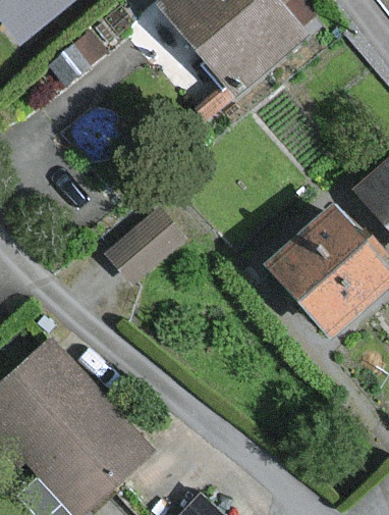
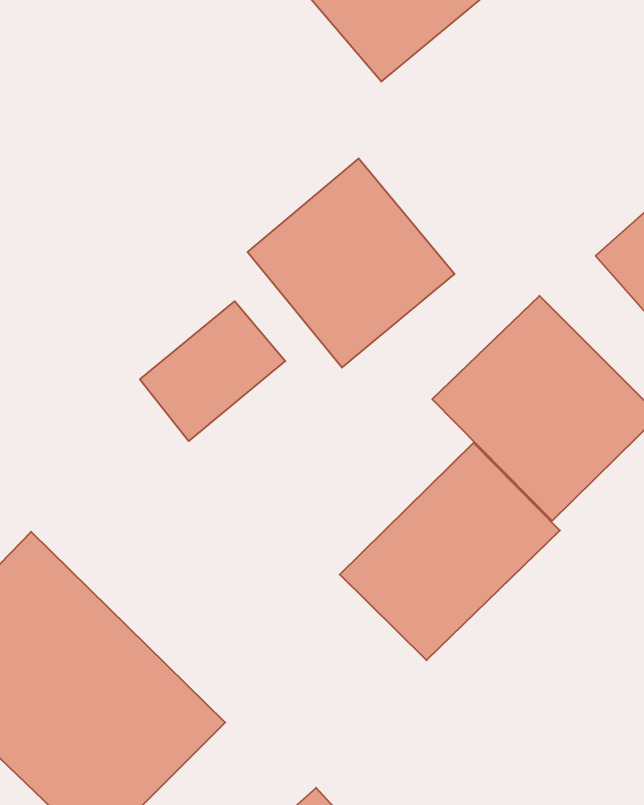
building: none -> [248,158,455,368]
building: none -> [340,443,560,660]

